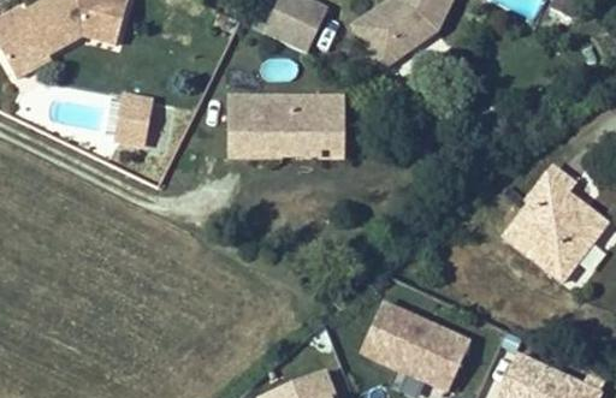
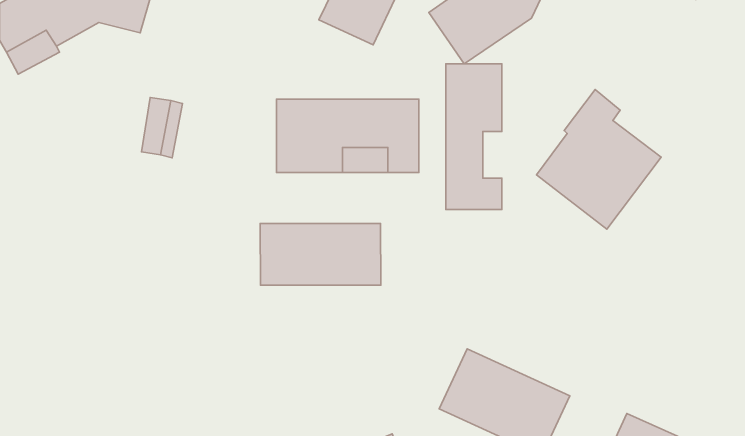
building: none -> [446,64,502,210]
building: [505,166,608,280] -> [536,90,661,229]
building: none -> [260,223,381,285]

